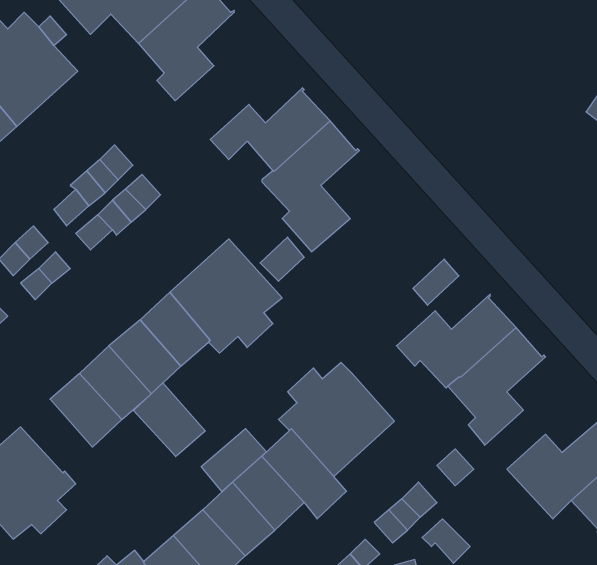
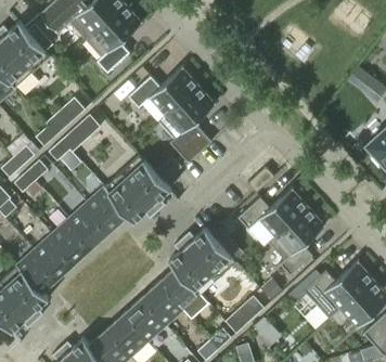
building: [133,383,205,457] -> [16,249,59,293]
building: [201,429,266,491] -> none

